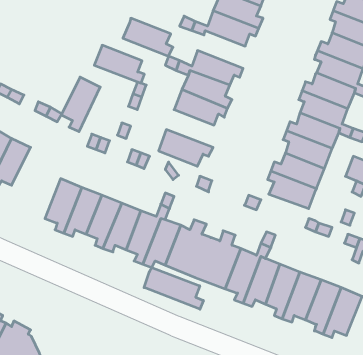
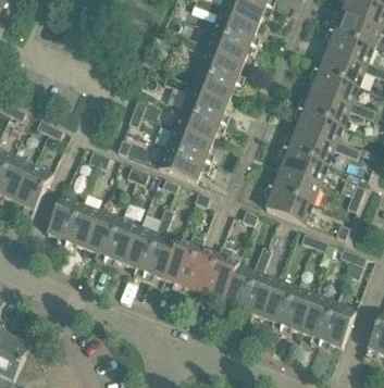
building: [123,18,173,56] -> [196,49,245,86]
building: [94,45,144,83] -> [165,126,214,163]
building: [61,77,100,132] -> [14,163,52,216]
building: [144,268,203,309] -> none

